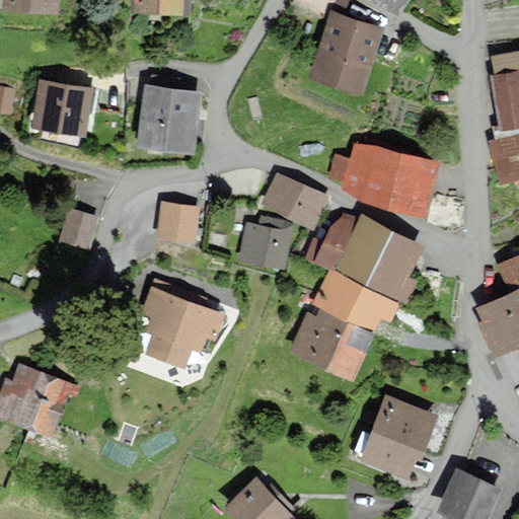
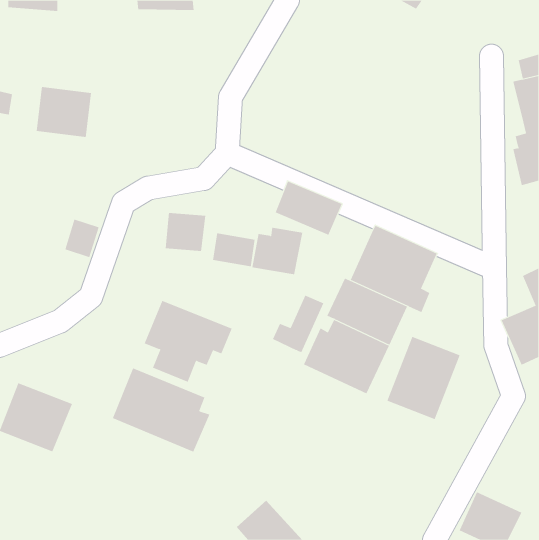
building: [312,14,379,91] -> none
building: [141,87,199,150] -> none
building: [331,144,435,210] -> none
building: [307,213,357,269] -> [272,295,324,353]
building: none -> [213,233,255,267]
building: none -> [112,367,210,452]
building: [362,397,433,477] -> [386,336,460,420]

